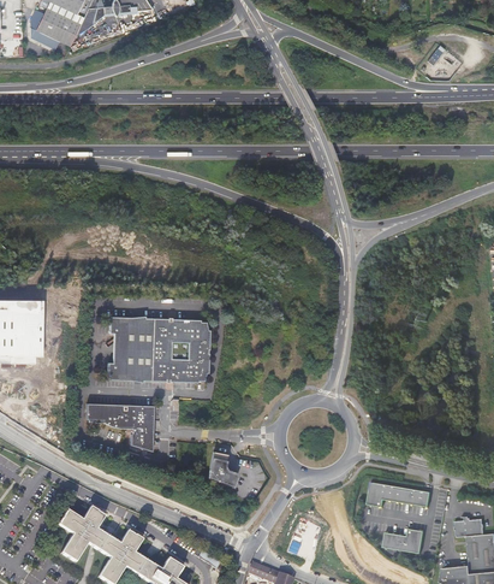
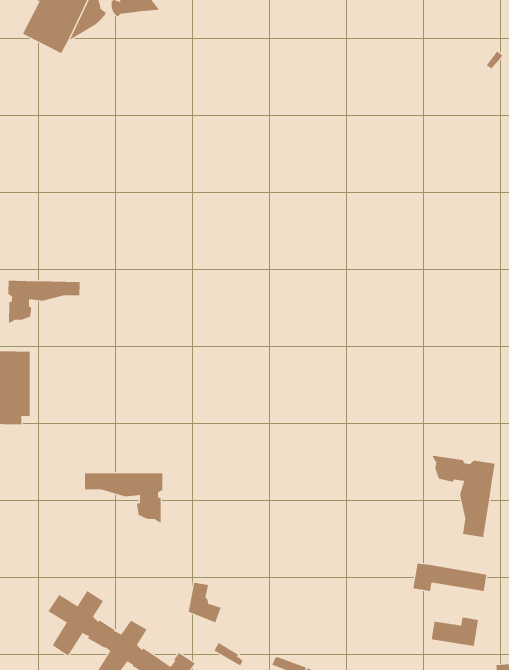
building: none -> [8,280,80,324]
building: [109,317,213,383] -> none
building: none -> [431,455,495,538]
building: [208,452,237,486] -> [188,582,222,623]

